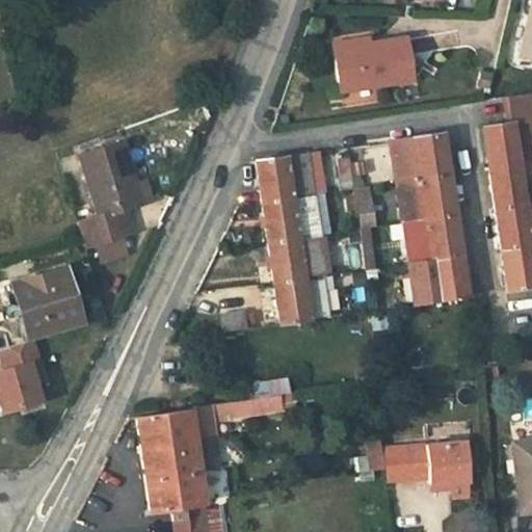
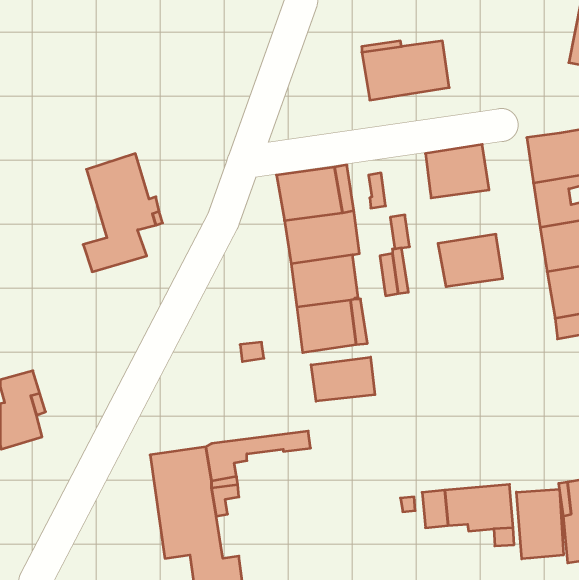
building: [396,175,455,223] -> none
building: [409,256,468,304] -> none
building: [11,268,81,337] -> none
building: none -> [311,357,375,401]
building: none -> [516,489,563,559]

